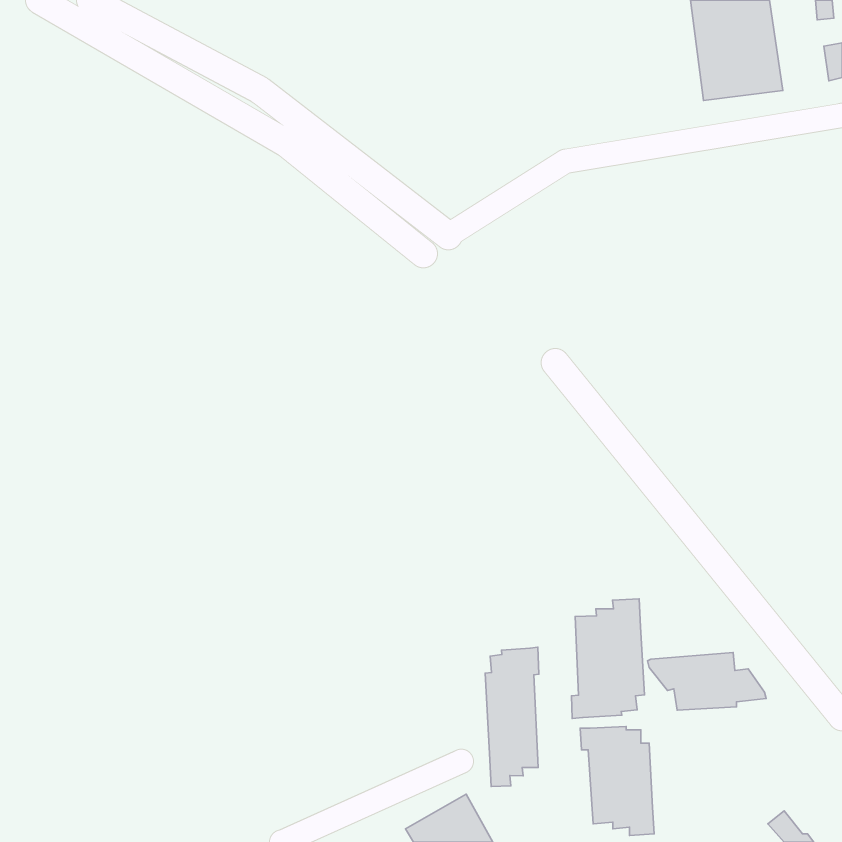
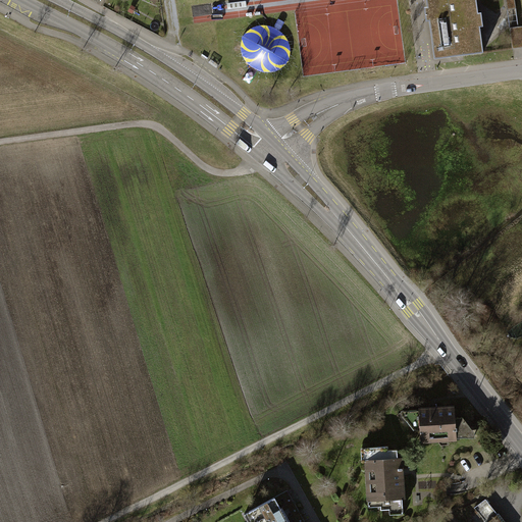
building: [571,599,644,719] -> none
building: [485,647,539,786] -> none

